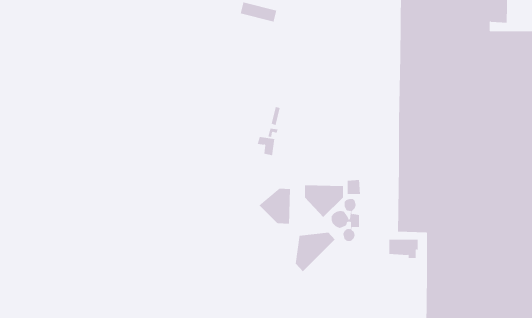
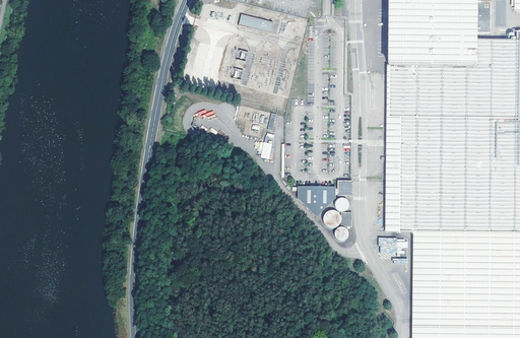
building: [259,188,291,224] -> none
building: [295,232,335,272] -> none

